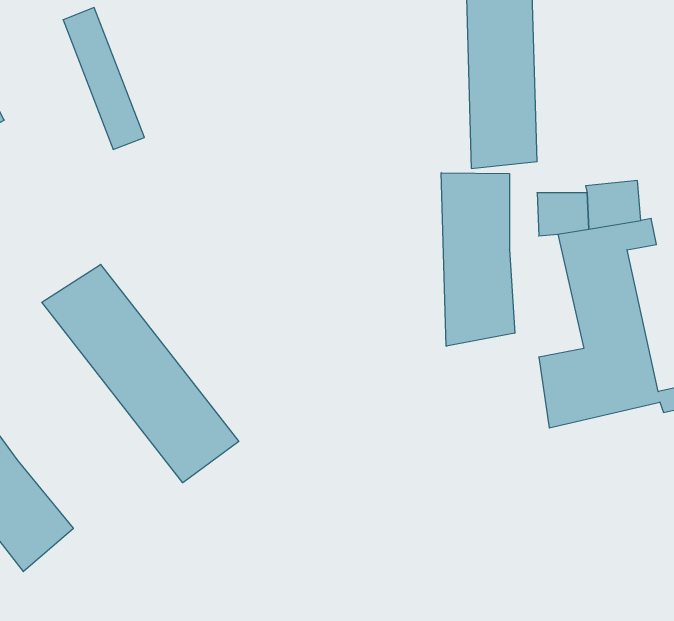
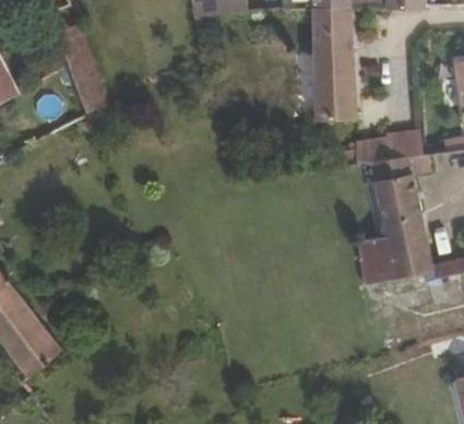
building: [441,173,515,346] -> none
building: [42,264,239,483] -> none

